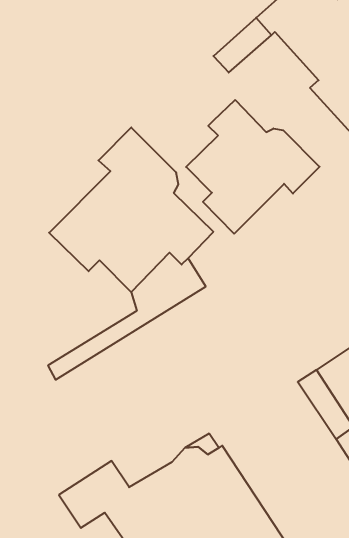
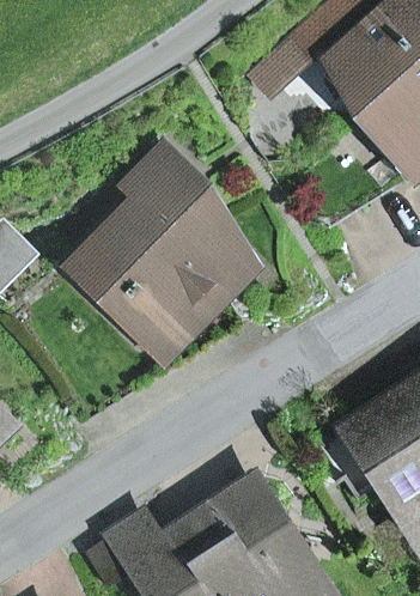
building: [186,100,320,234] -> none

